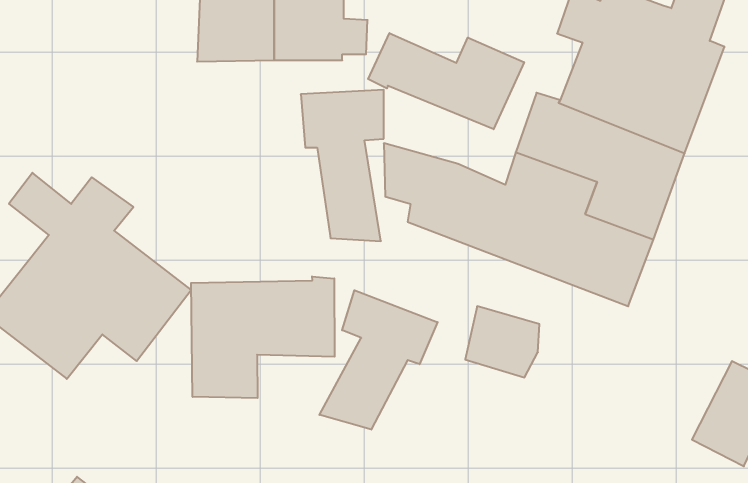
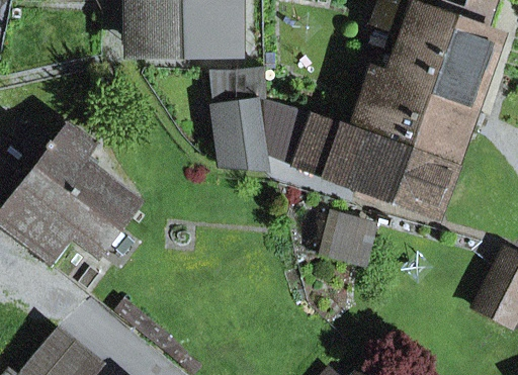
building: [368,33,524,129] -> none
building: [191,276,335,398] -> none
building: [319,290,438,430] -> none

